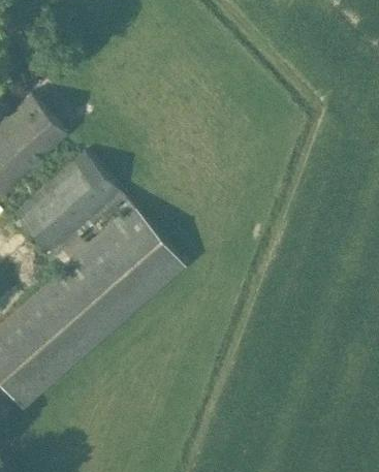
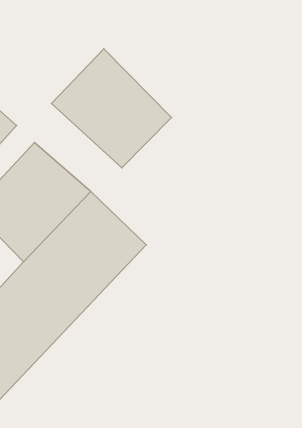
building: none -> [52,49,172,168]

